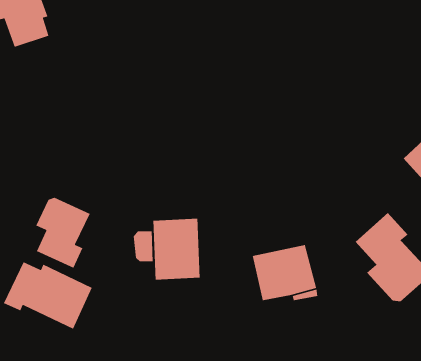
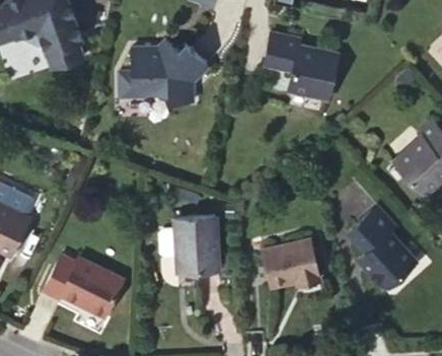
building: none -> [261,31,335,98]
building: none -> [117,41,204,99]
building: [35,197,91,269] -> none

